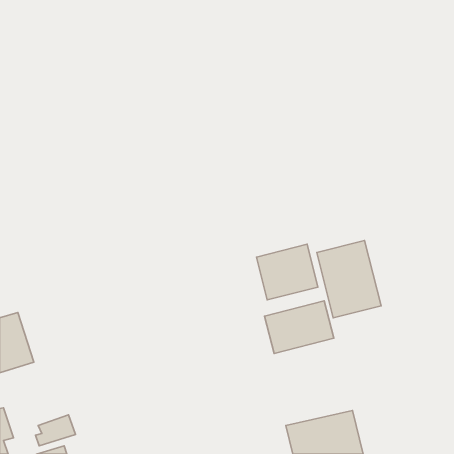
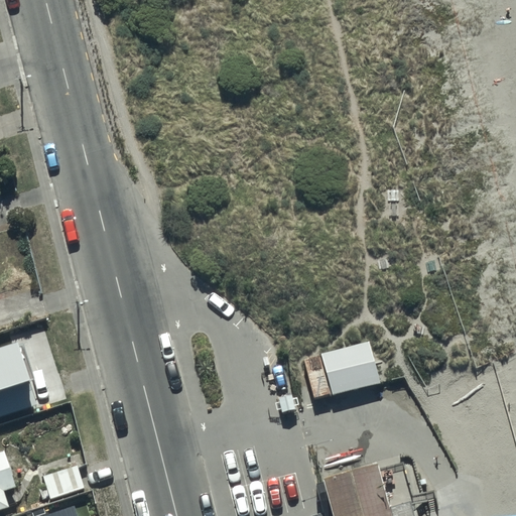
building: [317,241,381,318] -> none
building: [257,244,318,300] -> none

